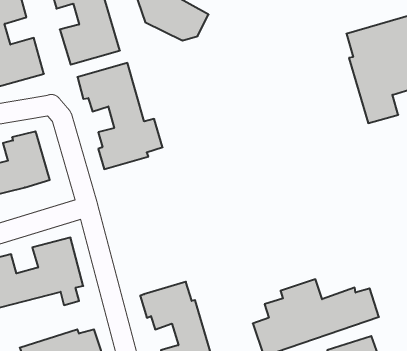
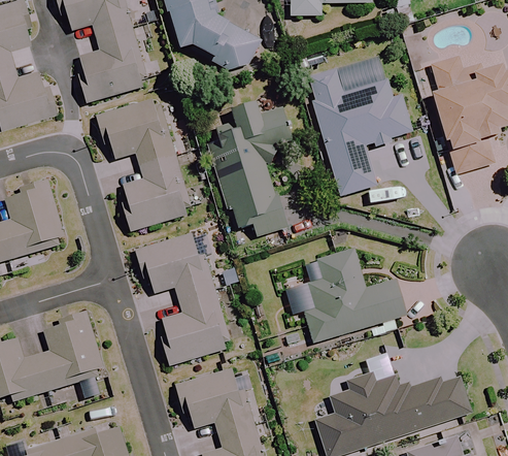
building: none -> [306,55,410,195]
building: none -> [208,102,292,237]
building: none -> [135,233,230,363]
building: none -> [285,250,407,340]

